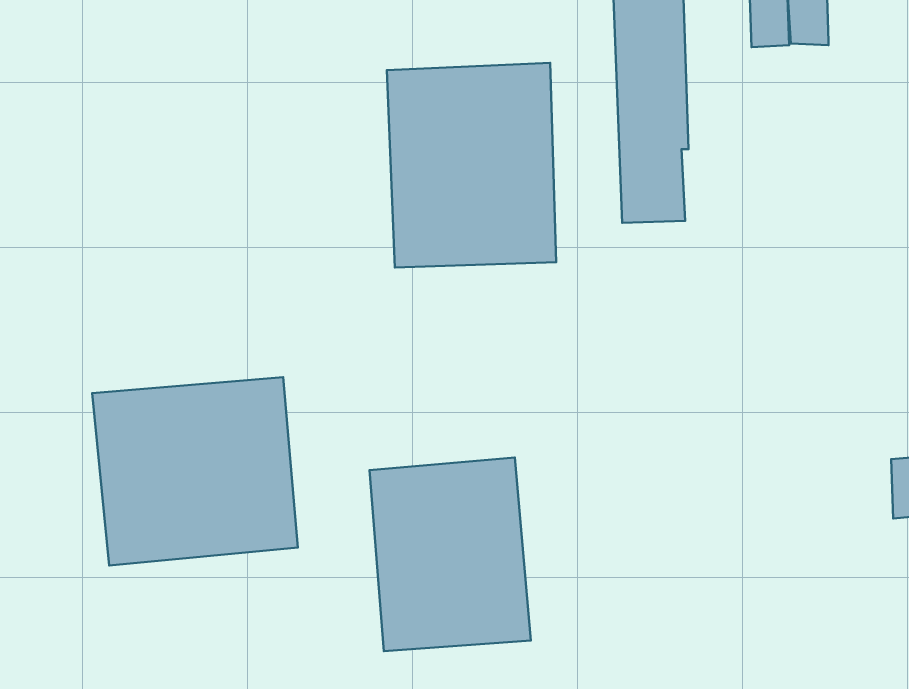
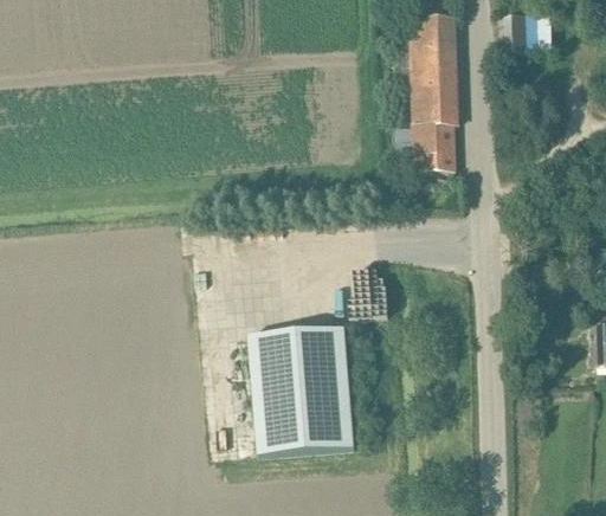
building: [387,63,556,268] -> none
building: [92,377,298,566] -> none

